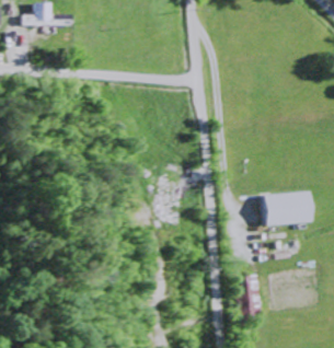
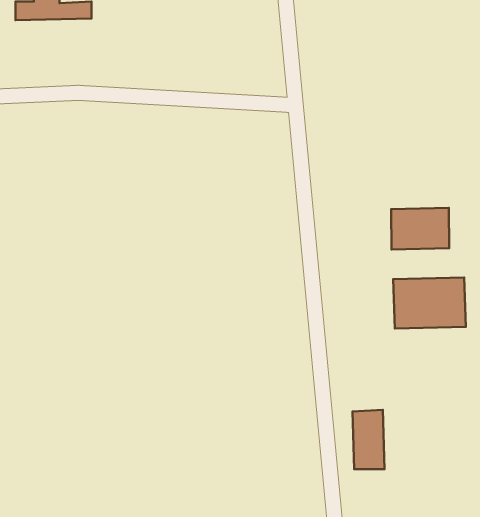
building: none -> [391,208,449,250]

